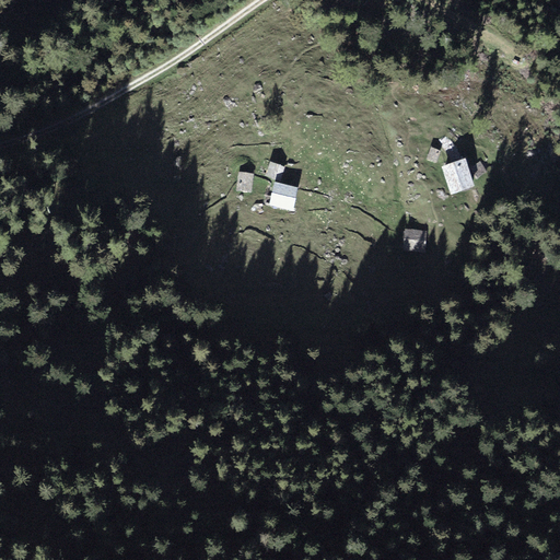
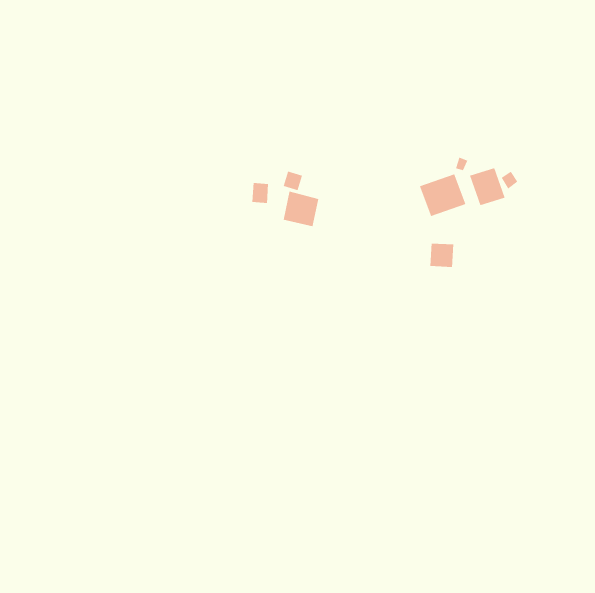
building: none -> [419,174,466,217]

